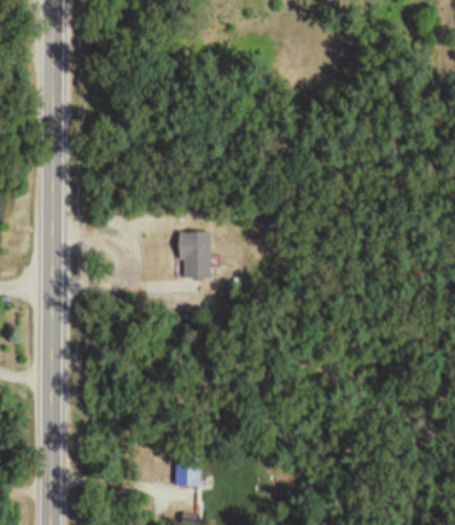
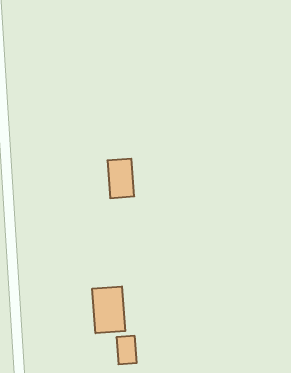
building: none -> [92,286,125,333]

